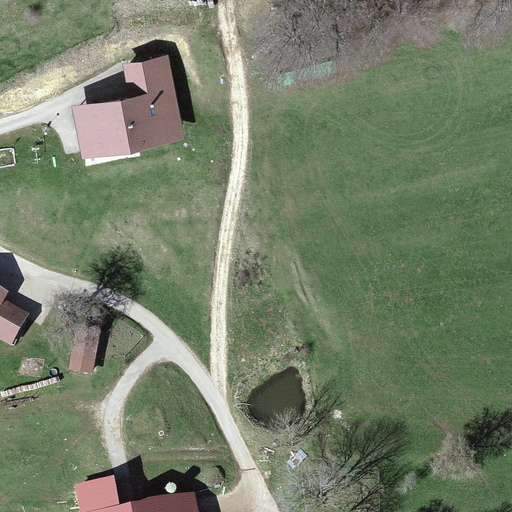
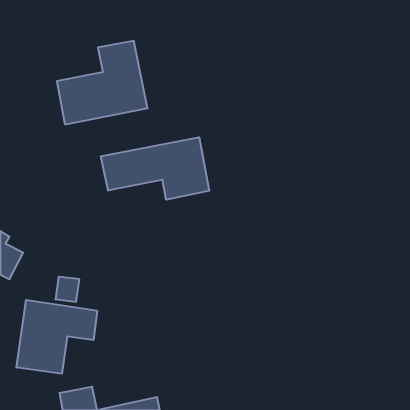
building: none -> [101,137,209,200]
building: none -> [16,300,97,374]

